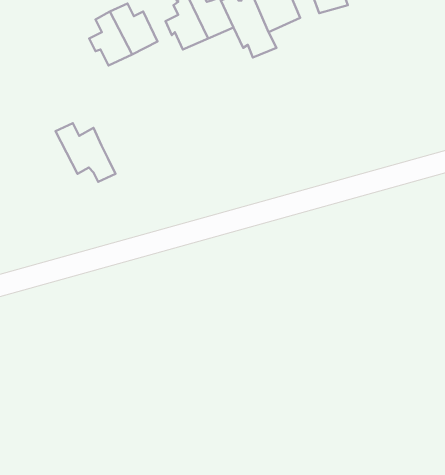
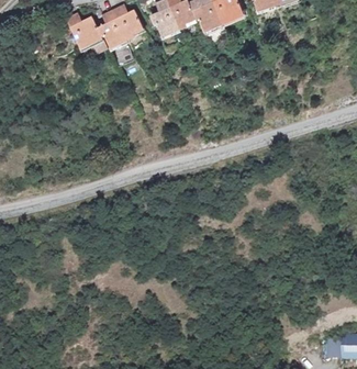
building: [55,123,116,182] -> [66,12,108,53]

